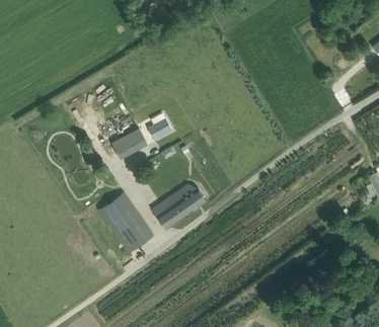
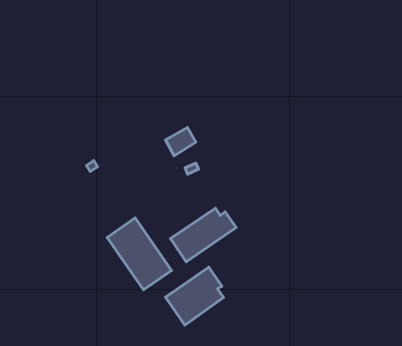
building: [113,127,150,159] -> none
building: none -> [165,267,223,325]

